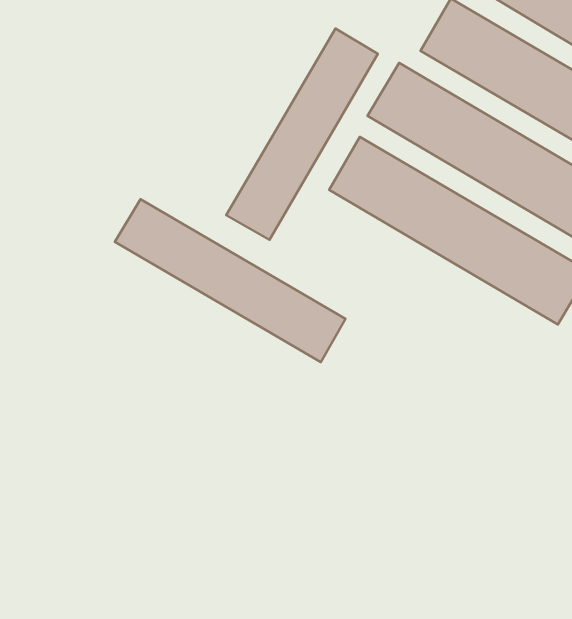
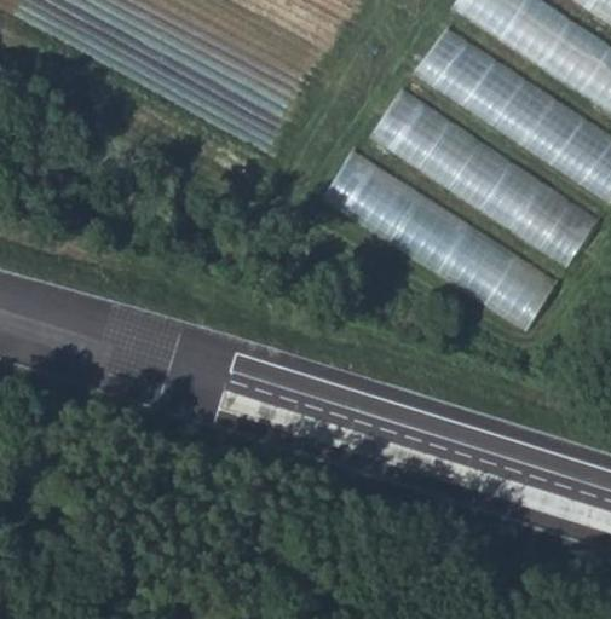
building: [226,29,378,240] -> none
building: [115,199,346,362] -> none

